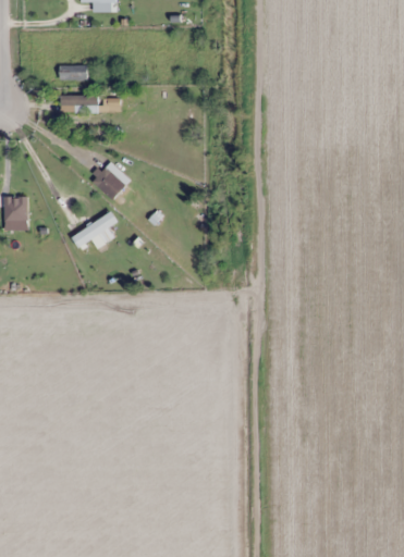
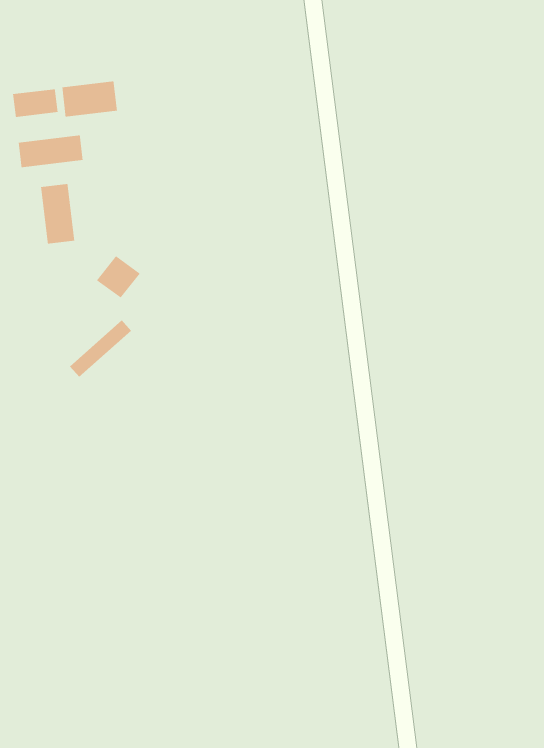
building: none -> [61,81,118,118]
building: none -> [40,183,75,244]

